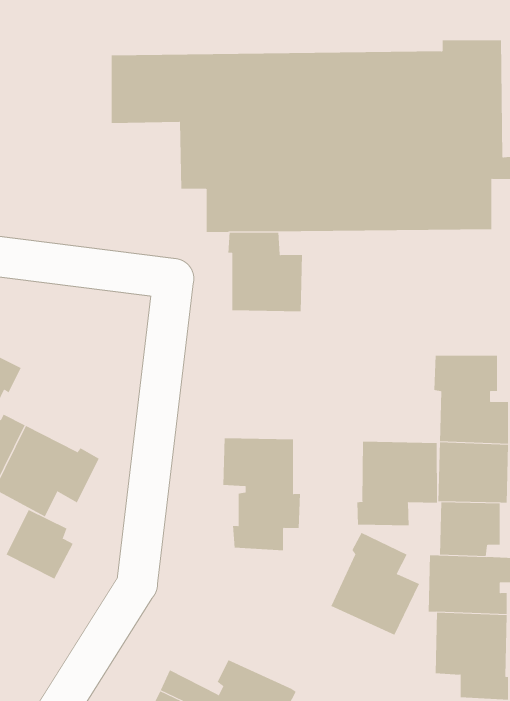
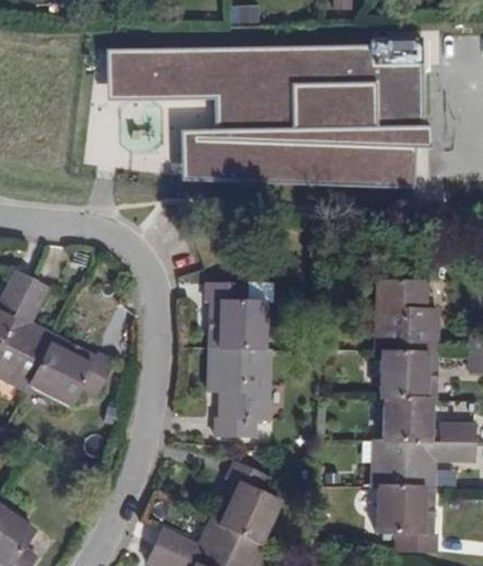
building: [227,232,303,312] -> [206,285,265,348]
building: [357,441,438,526] -> none
building: [6,509,73,579] -> none
building: [331,532,420,635] -> [212,464,283,546]

